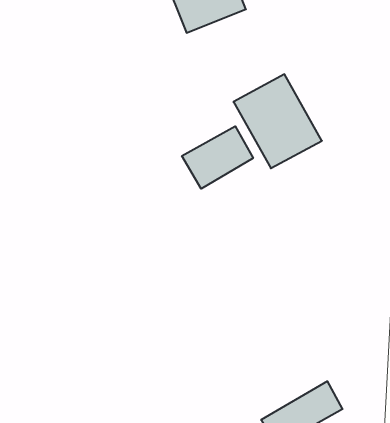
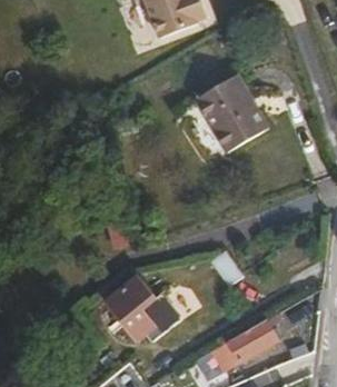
building: [182,126,253,189] -> none
building: none -> [106,269,174,335]

